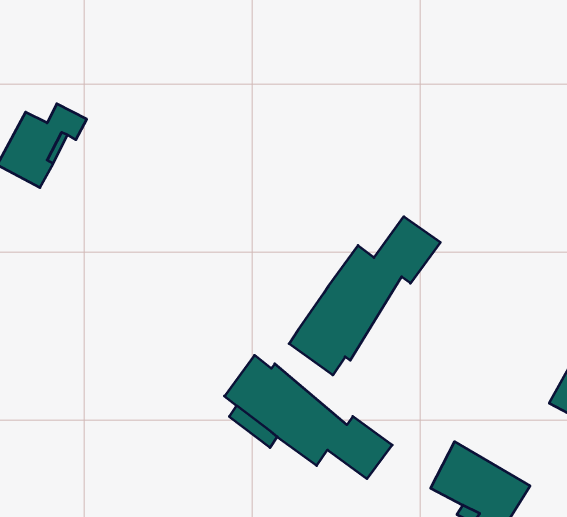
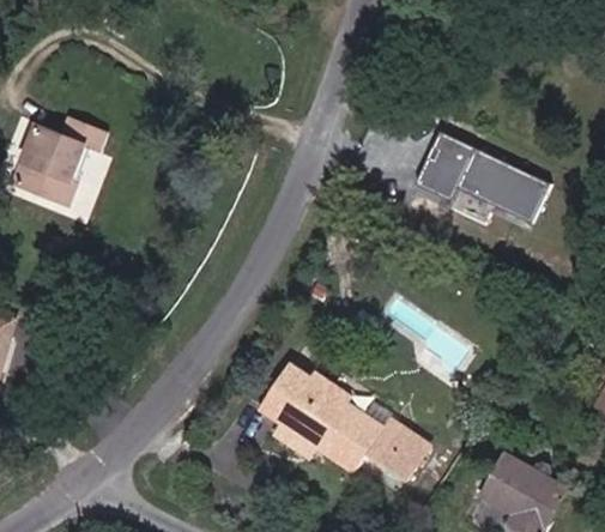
building: none -> [418,132,553,220]
building: [289,217,440,375] -> none

